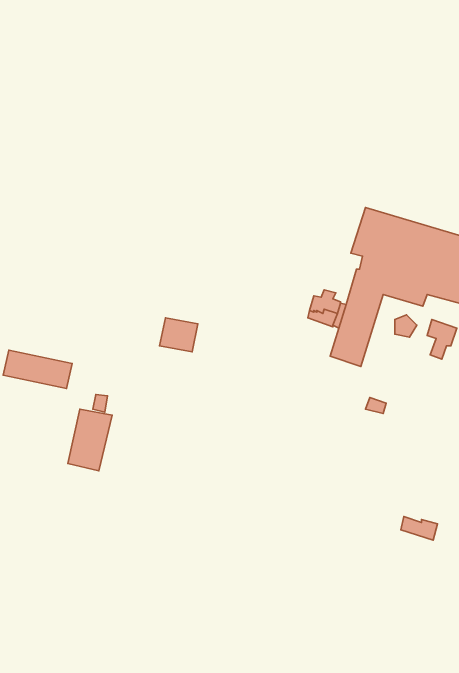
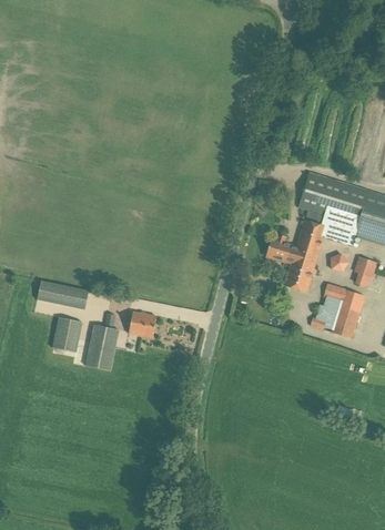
building: [160,318,198,352] -> [126,312,155,337]
building: none -> [323,284,364,338]
building: none -> [51,317,81,353]

